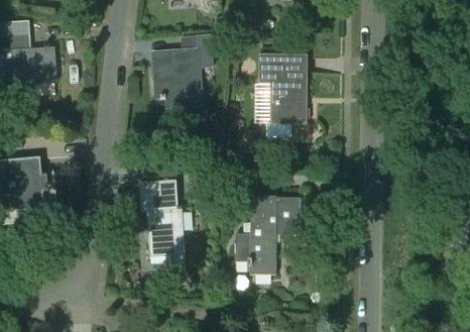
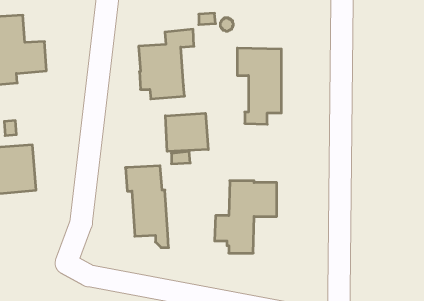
building: none -> [165,113,208,151]

